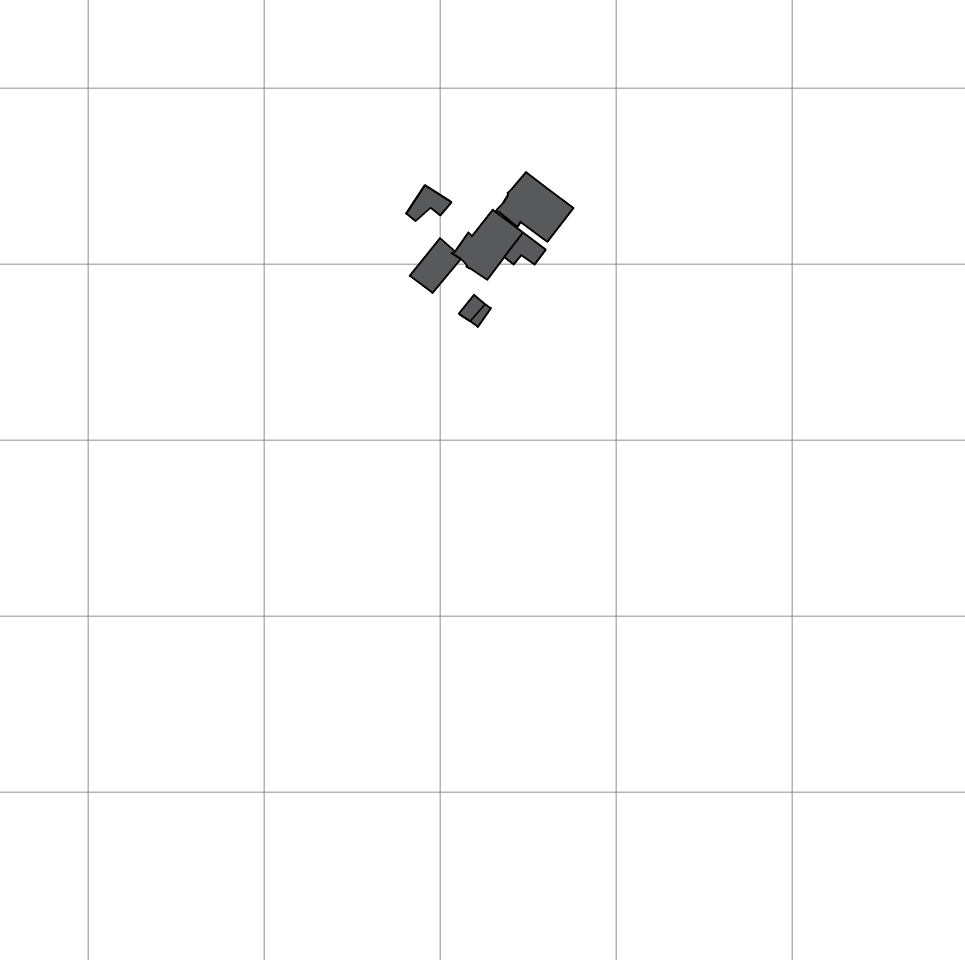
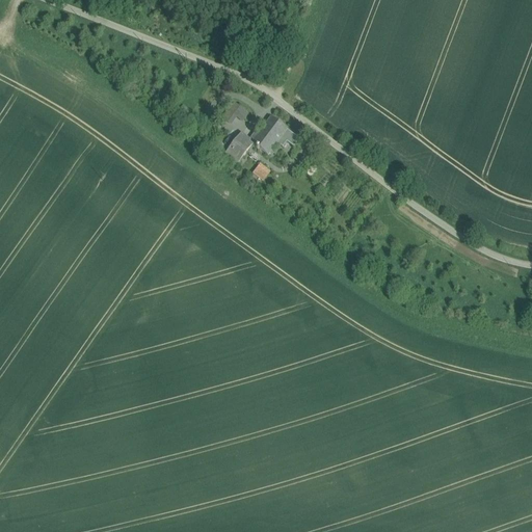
building: [495,172,573,242] -> none

